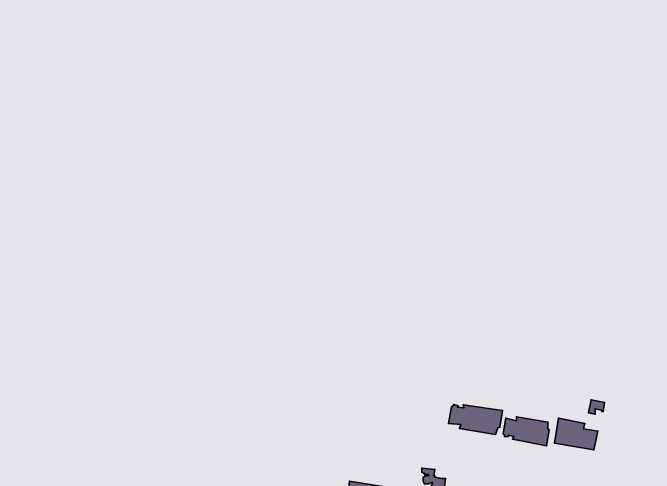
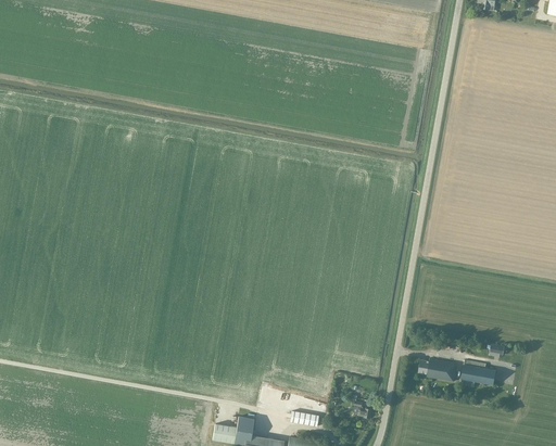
building: [449,405,502,435] -> none

